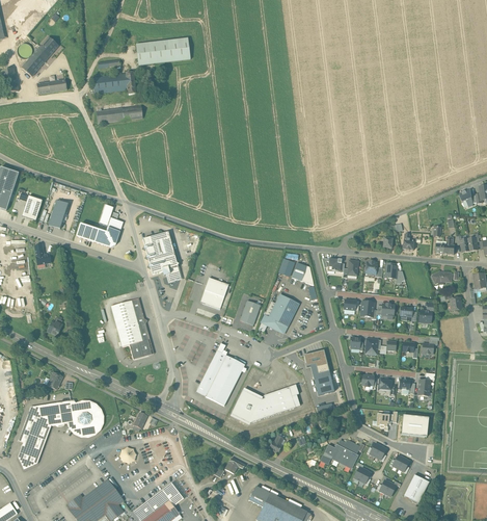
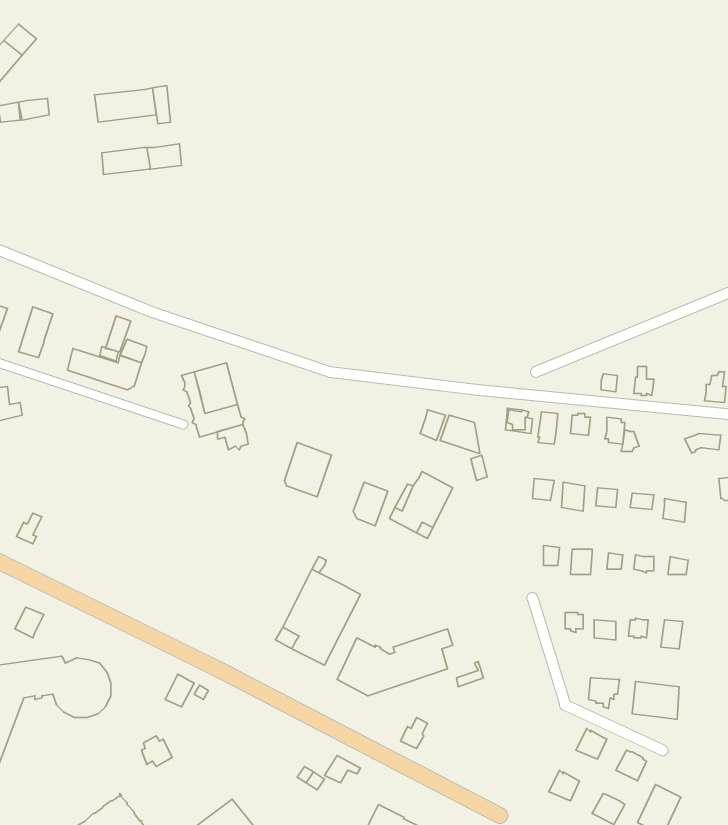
building: [136,38,190,66] -> none
building: [111,297,155,359] -> none
building: [303,350,334,395] -> none
building: [330,440,359,468] -> none

